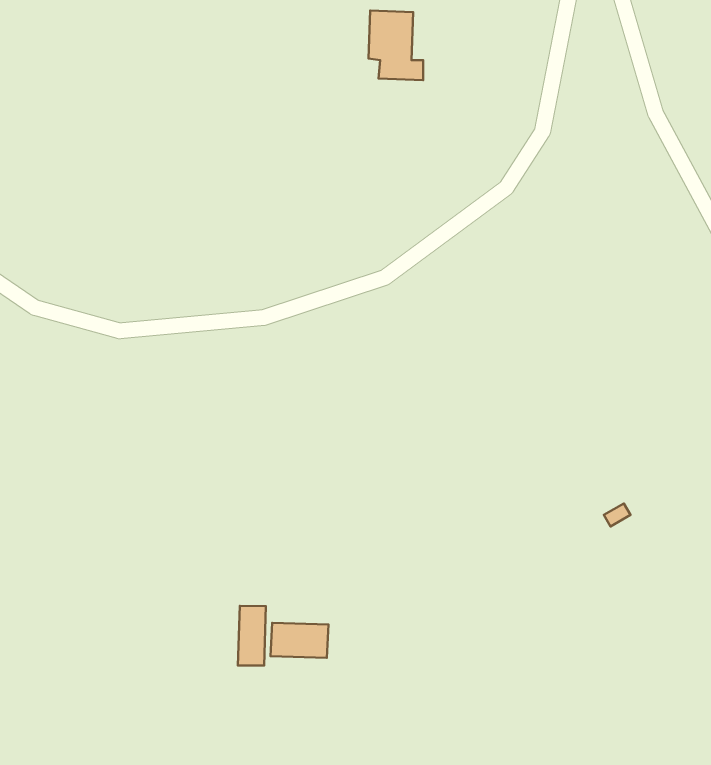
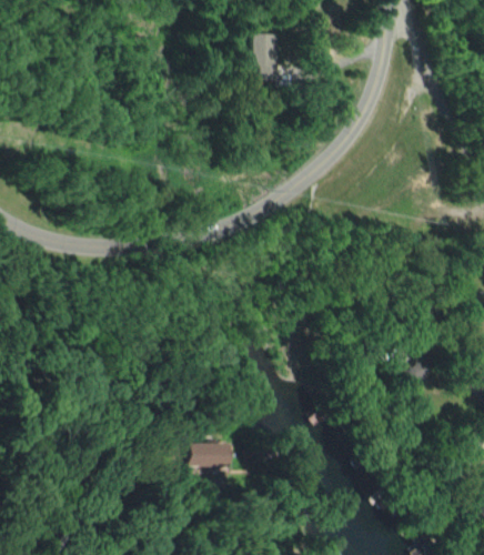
building: [238,606,266,665] -> none

